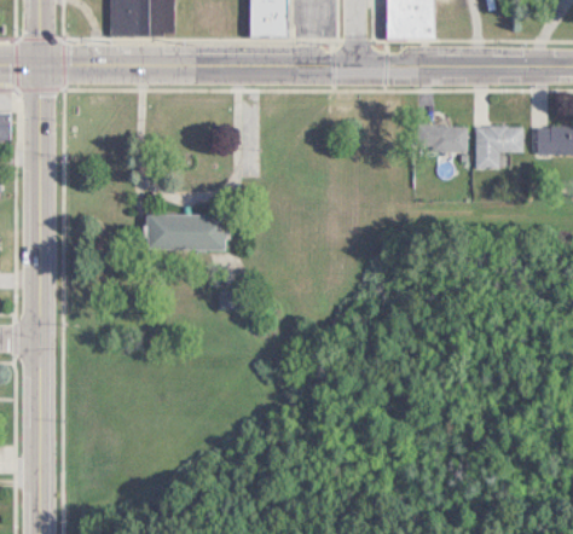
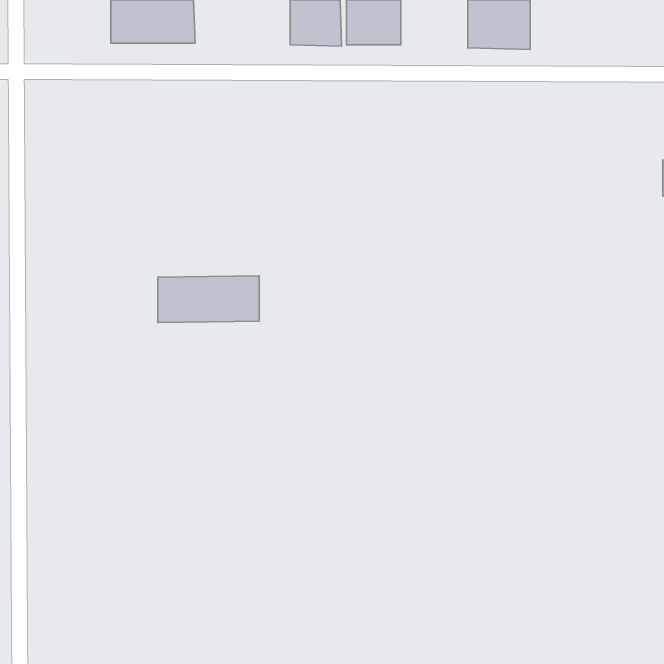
building: [426,124,467,149] -> none
building: [480,124,522,167] -> none

